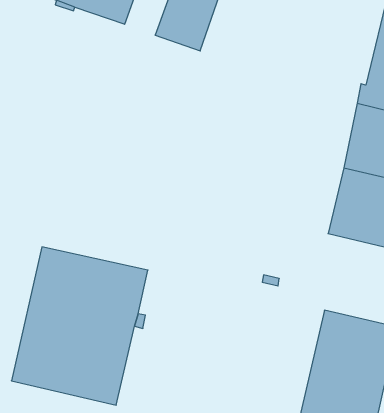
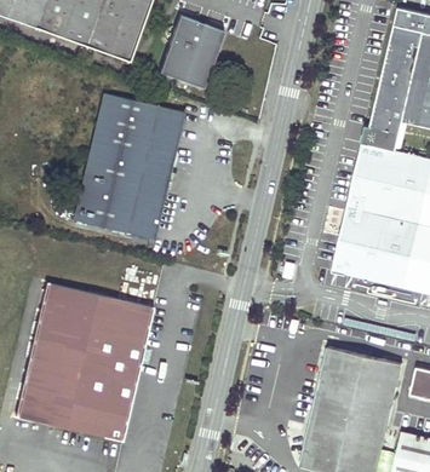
building: none -> [74,94,185,240]

